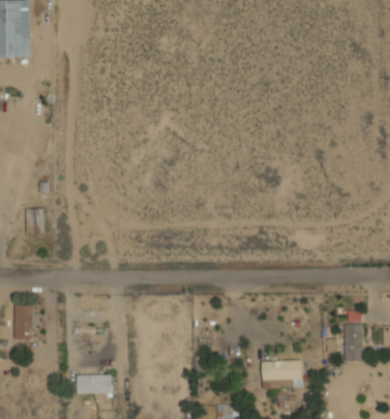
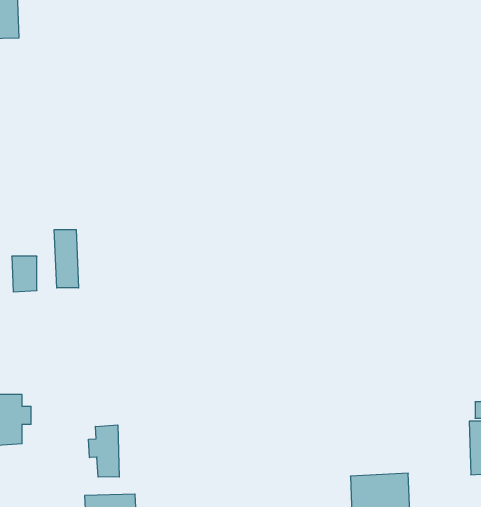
building: none -> [54,230,79,288]
building: none -> [89,425,119,477]

